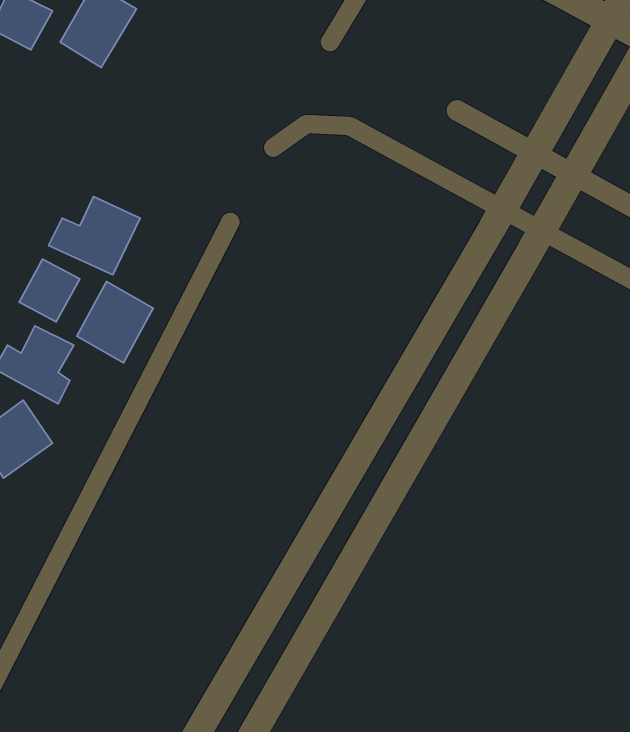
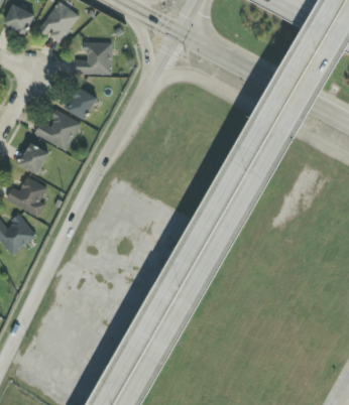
building: none -> [74,41,111,74]
building: none -> [66,87,96,119]
building: [77,282,153,363] -> none

